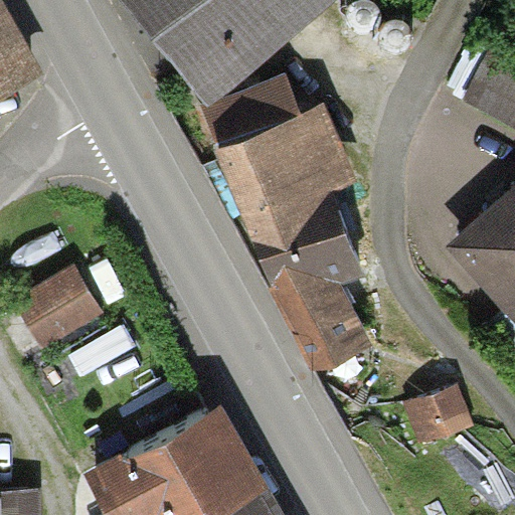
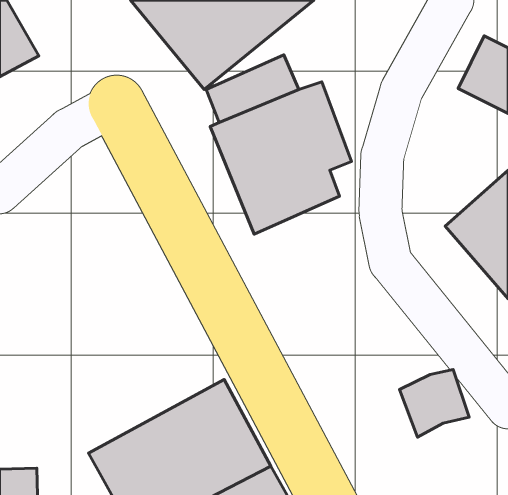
building: [256,212,373,376] -> none
building: [12,272,105,357] -> none

